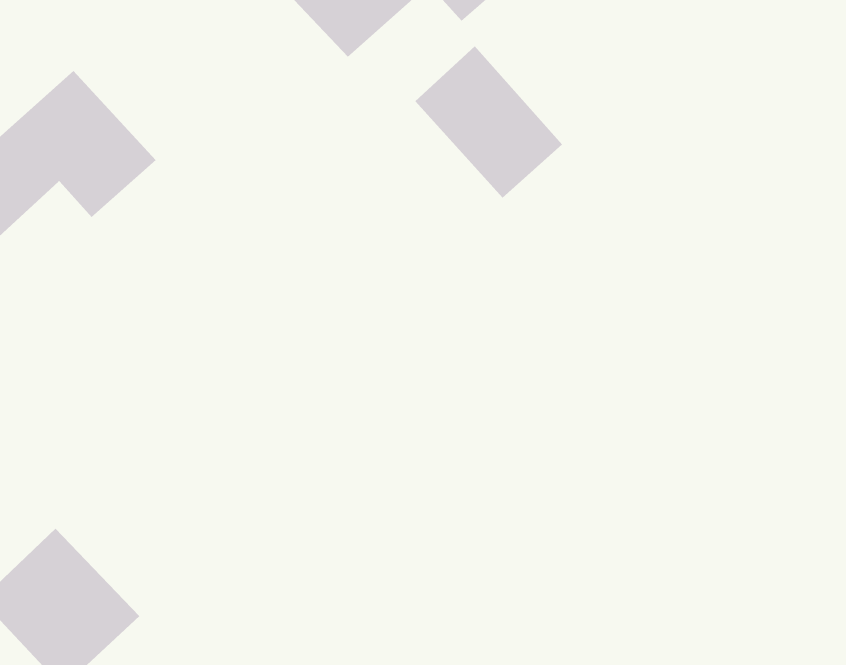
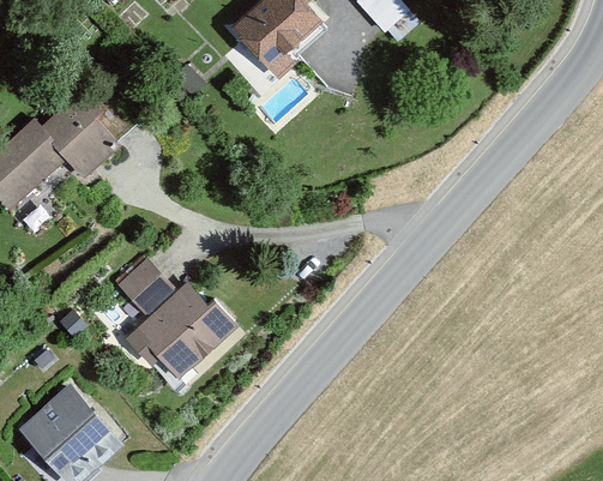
building: [414,46,563,199] -> none
building: none -> [116,266,239,383]

